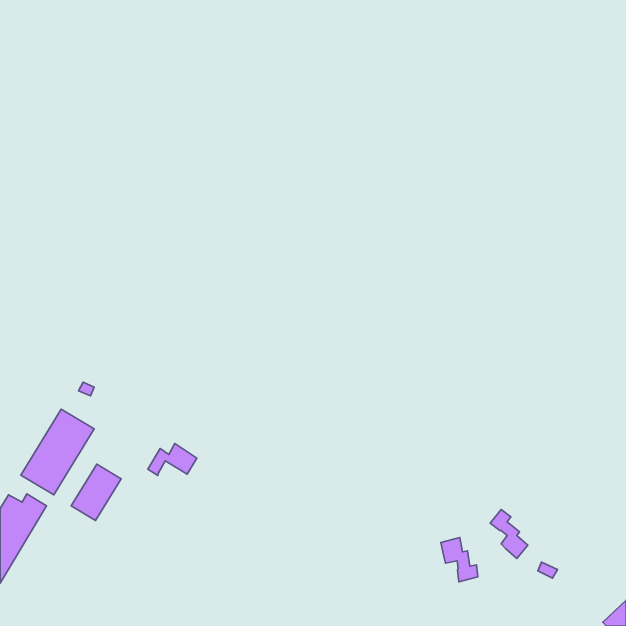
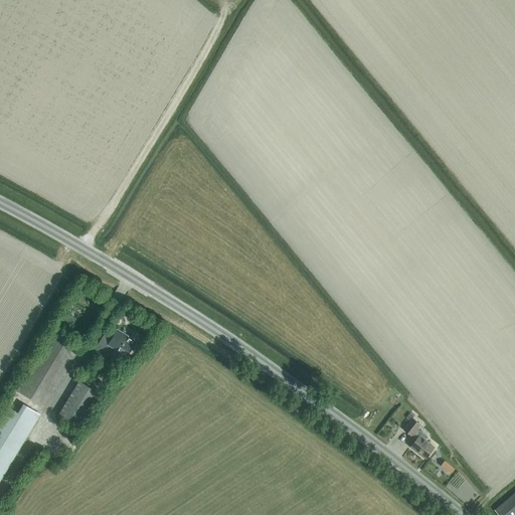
building: [148,444,197,475] -> [95,330,135,356]
building: [441,537,478,582] -> none

